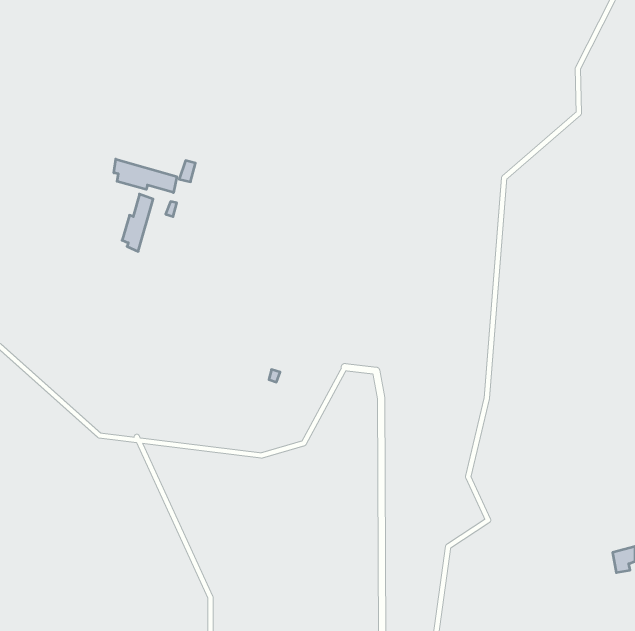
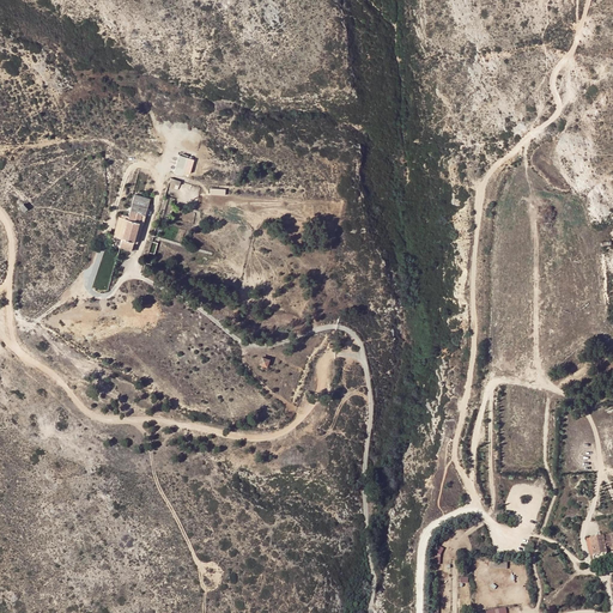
building: [114,159,177,193] -> none

